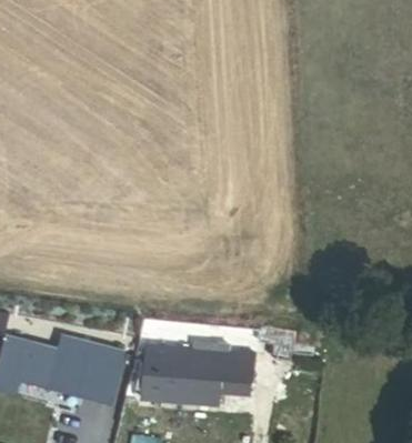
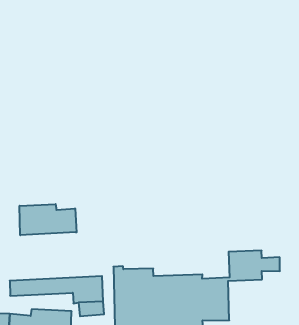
building: none -> [20,204,77,235]

